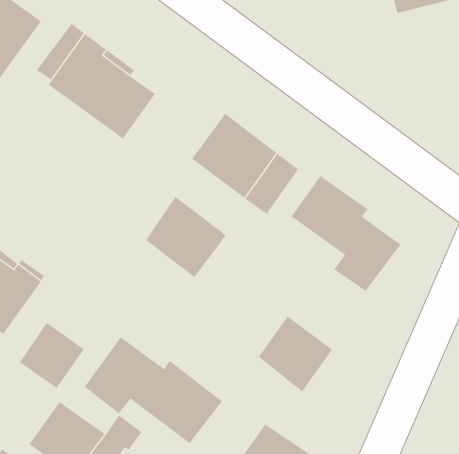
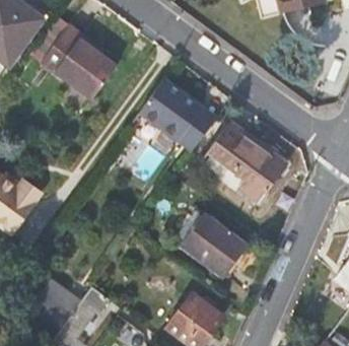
building: [145,196,227,278] -> none
building: [19,322,85,389] -> none
building: [84,336,223,444] -> none

